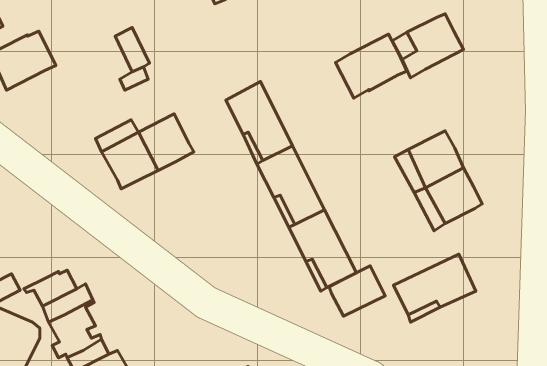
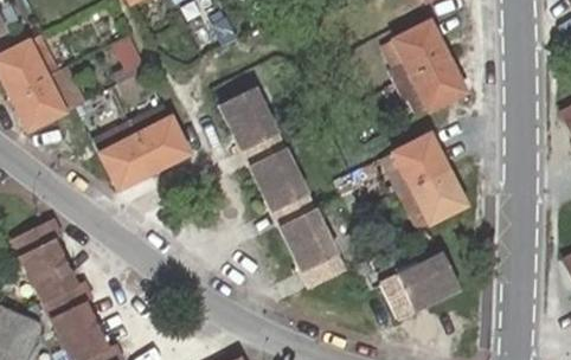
building: [336,34,407,98] -> [398,54,467,116]
building: none -> [9,65,82,129]
building: none -> [12,217,63,284]
building: [329,266,385,316] -> none

